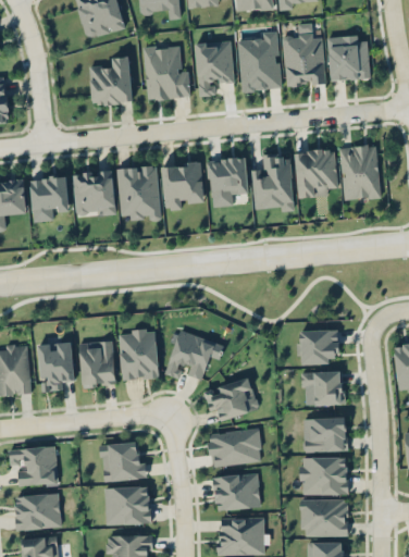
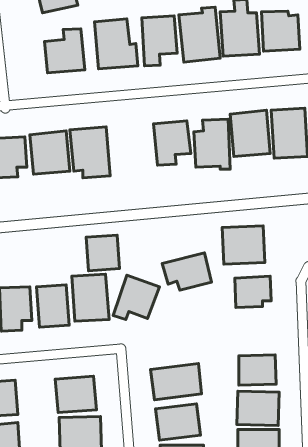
building: [163,164,205,210] -> none
building: none -> [222,226,265,264]
building: none -> [86,235,120,271]
building: [300,370,344,405] -> none
building: [203,377,258,419] -> [162,253,211,290]

